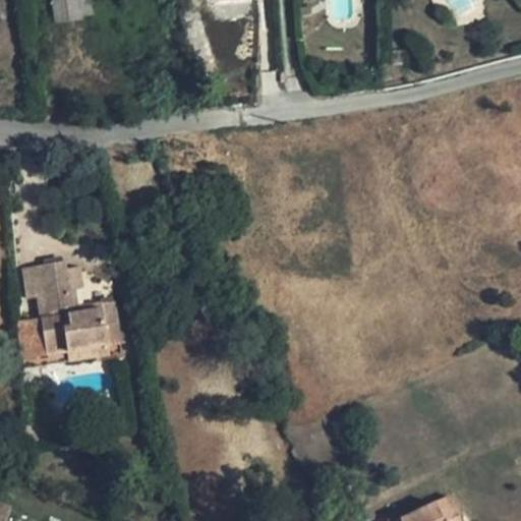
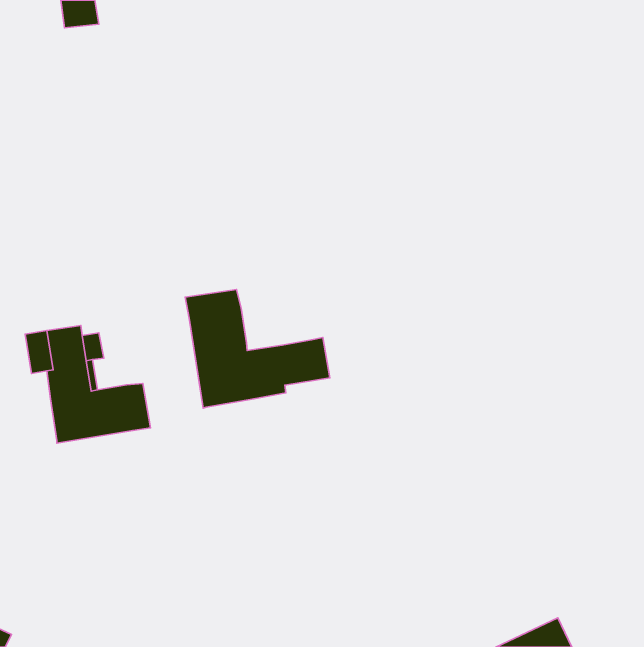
building: none -> [185,289,330,408]
building: [17,321,46,358] -> none

